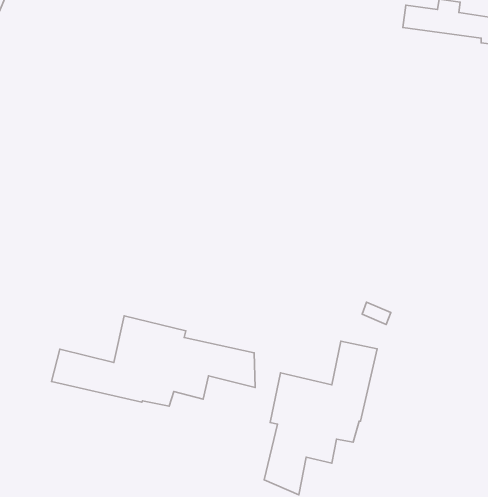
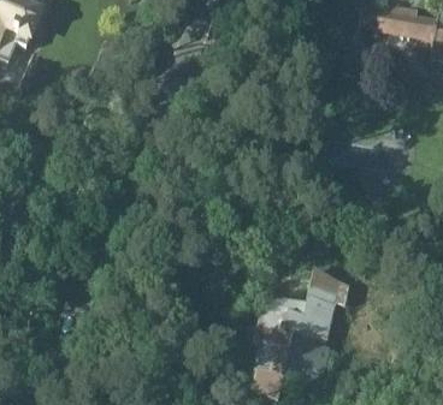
building: [51,316,255,406] -> none

